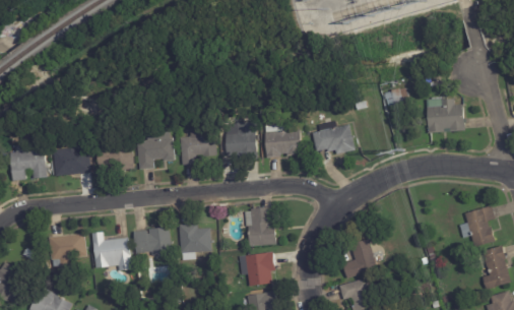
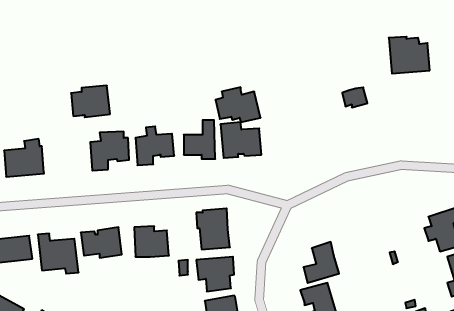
building: [423,100,462,135] -> [389,37,430,74]
building: [312,121,356,154] -> [215,87,261,122]
building: [98,140,135,171] -> [71,86,110,117]

